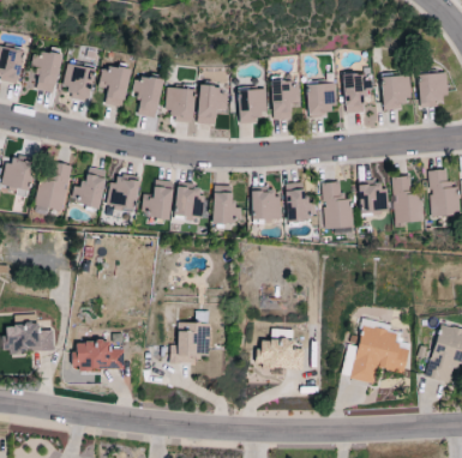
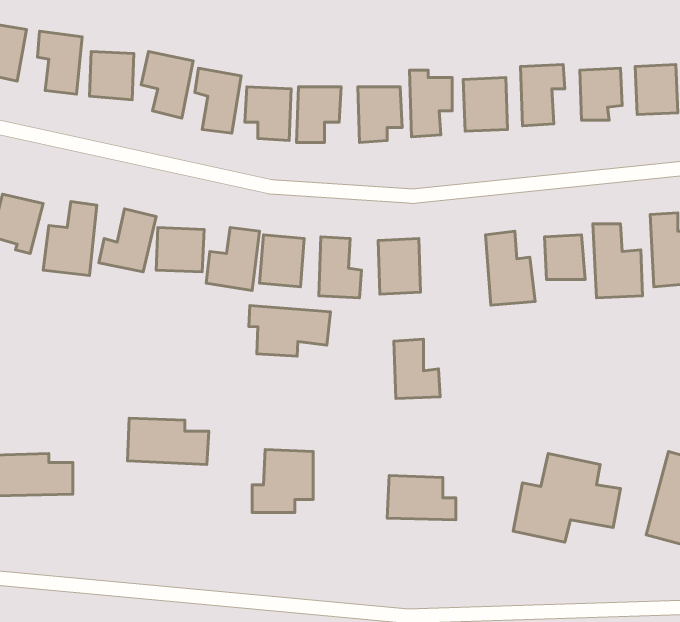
building: [287,182,317,221] -> [394,339,440,399]
building: none -> [249,306,331,356]
building: [73,341,126,370] -> [127,418,209,464]

